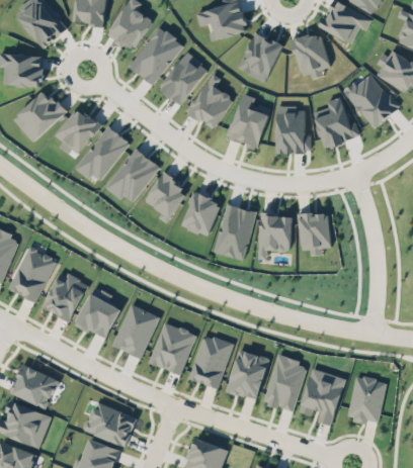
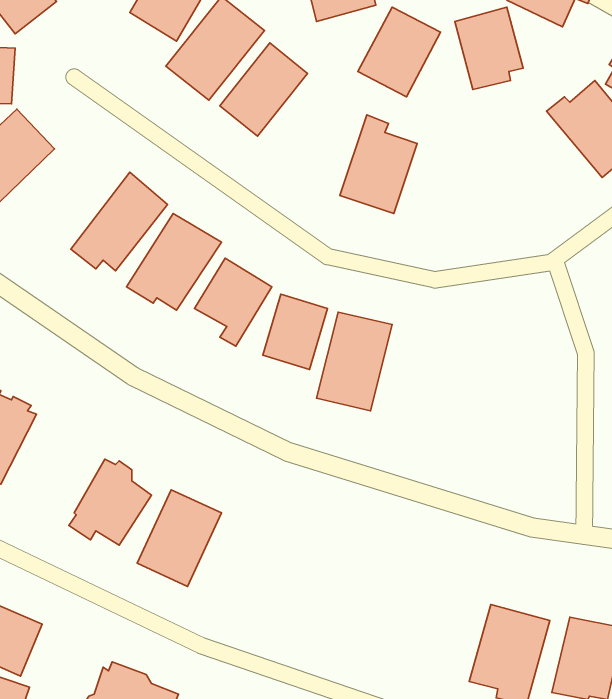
building: [188,74,234,129] -> none
building: [314,95,359,146] -> none
building: [274,105,309,152] -> none
building: [56,107,101,158] -> none
building: [296,208,329,256] -> none
building: [259,214,292,260] -> none
building: [43,272,88,320] -> none
building: [148,321,194,373] -> none
building: [190,335,231,388] -> none
building: [226,348,268,396] -> none
building: [264,356,307,411] -> none

